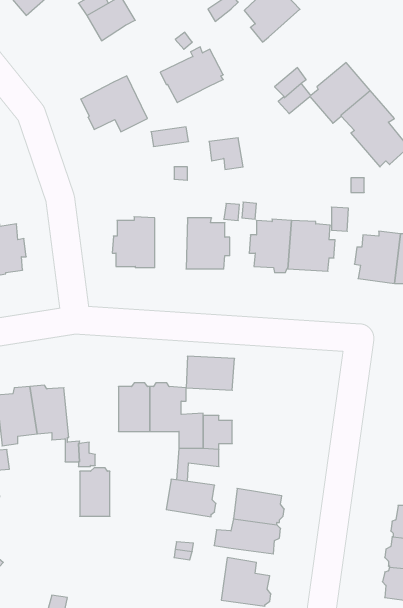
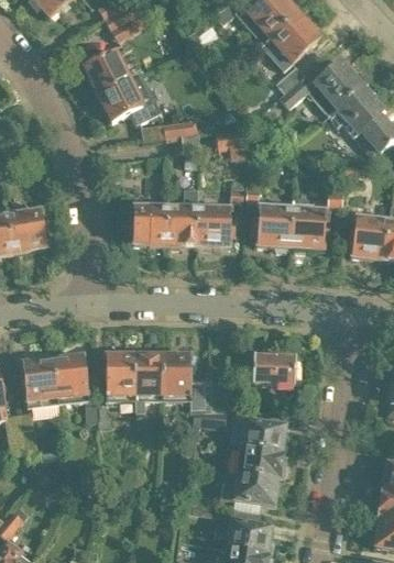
building: none -> [264,12,320,63]
building: [160,47,223,103] -> [84,43,141,93]
building: none -> [166,201,196,247]
building: [186,356,235,390] -> [252,354,296,385]
building: [80,468,110,516] -> [106,351,133,395]
building: [166,479,216,517] -> [241,419,286,453]

